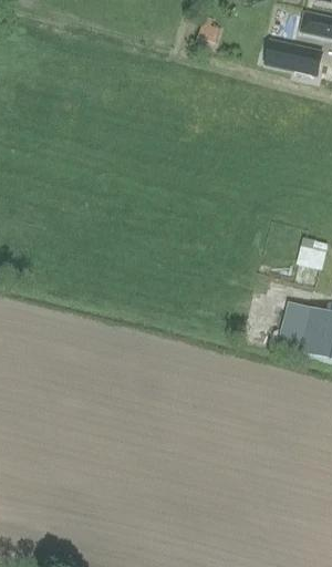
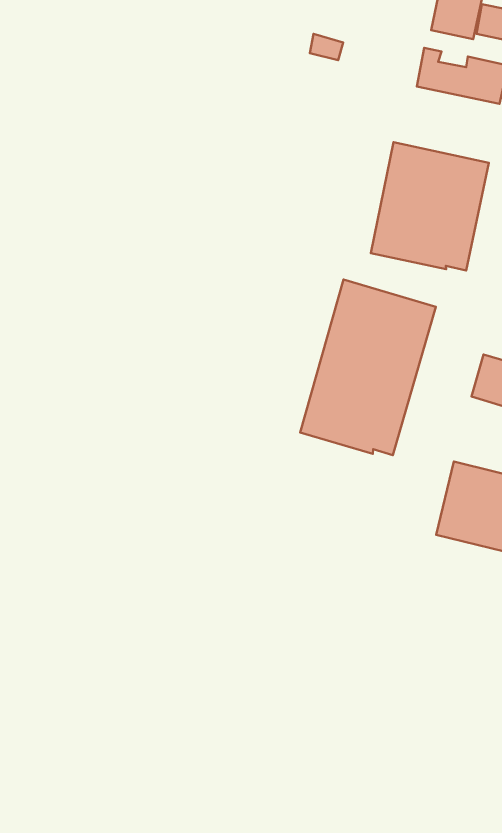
building: none -> [371,142,489,270]
building: none -> [300,280,436,455]

